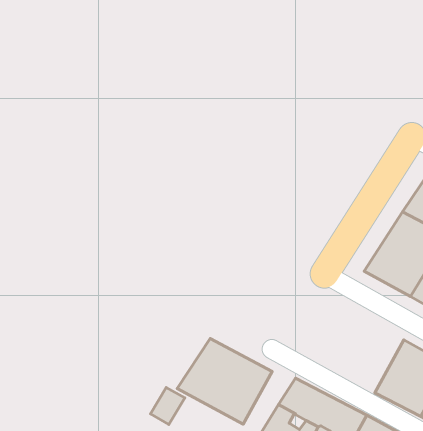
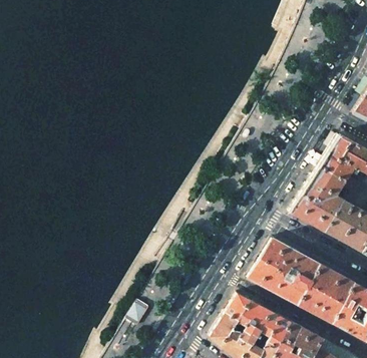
building: [177,338,272,424] -> [248,241,320,306]

